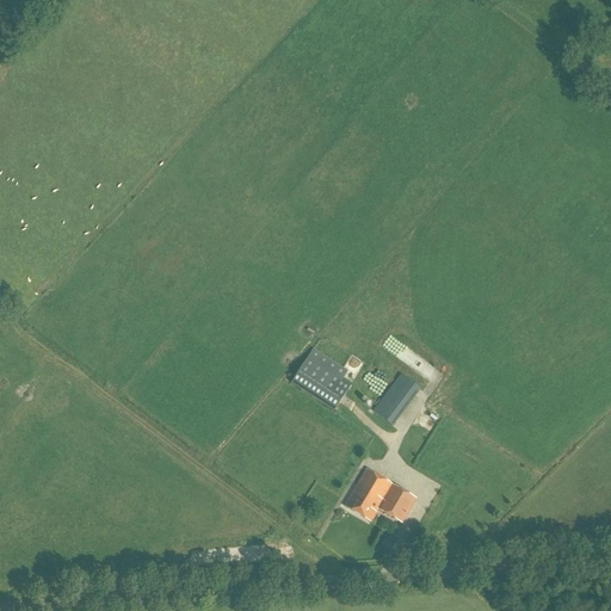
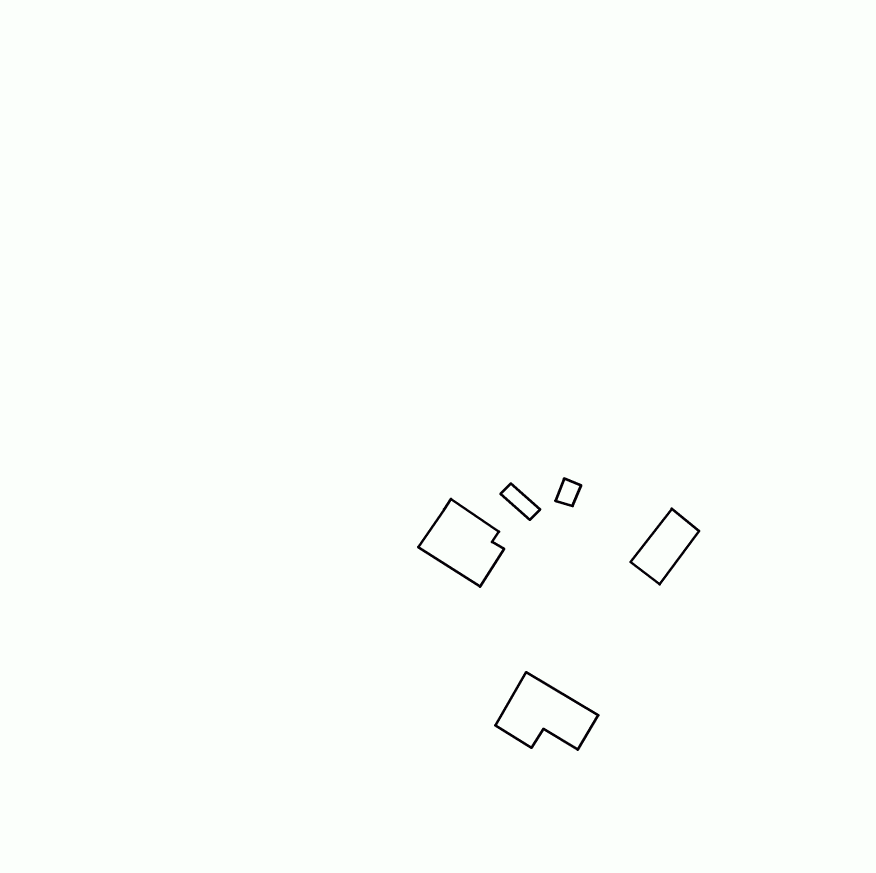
building: [372,372,420,425] -> [631,509,699,584]

